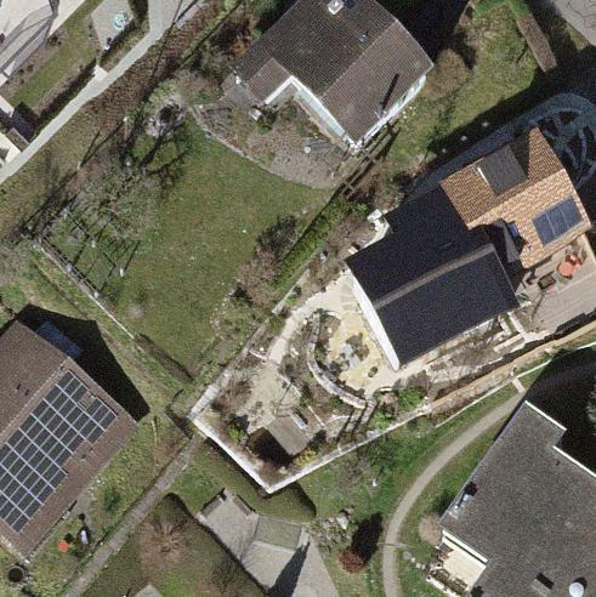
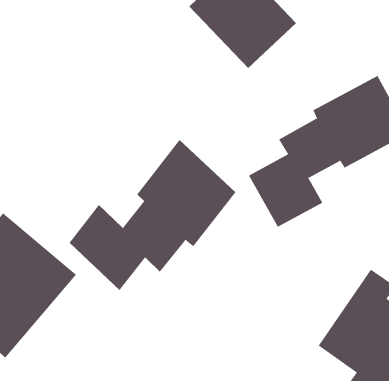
building: none -> [69,139,236,291]

